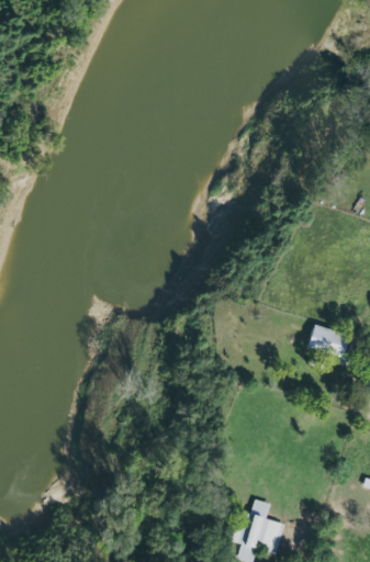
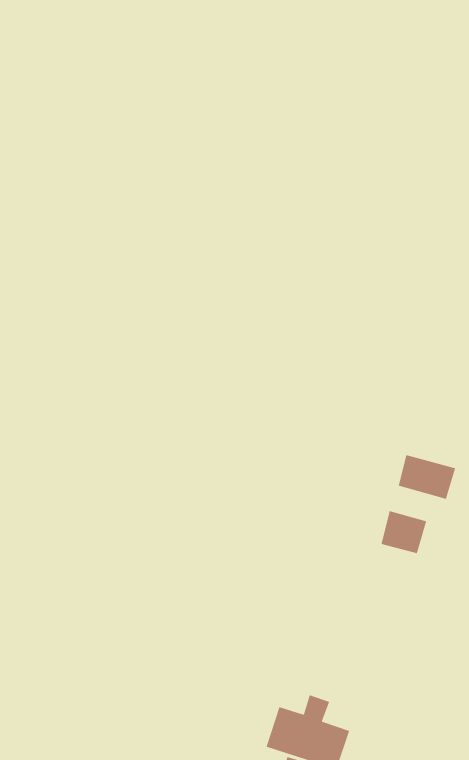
building: none -> [380,510,427,554]

